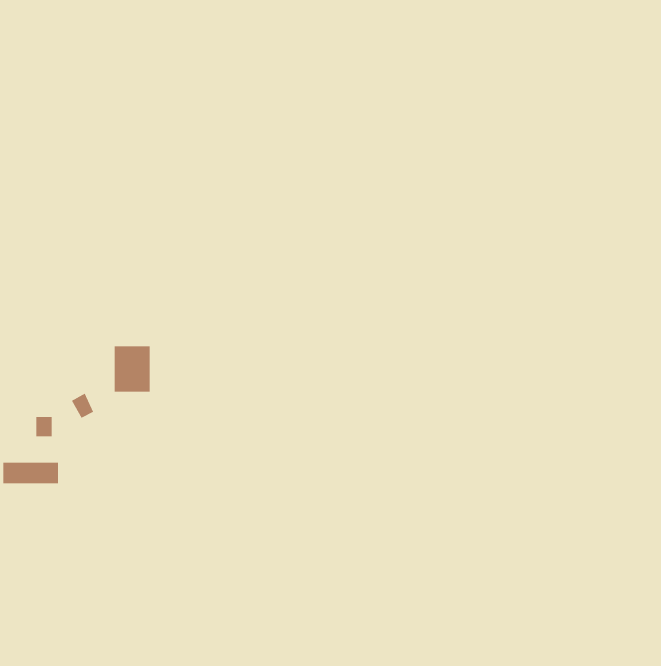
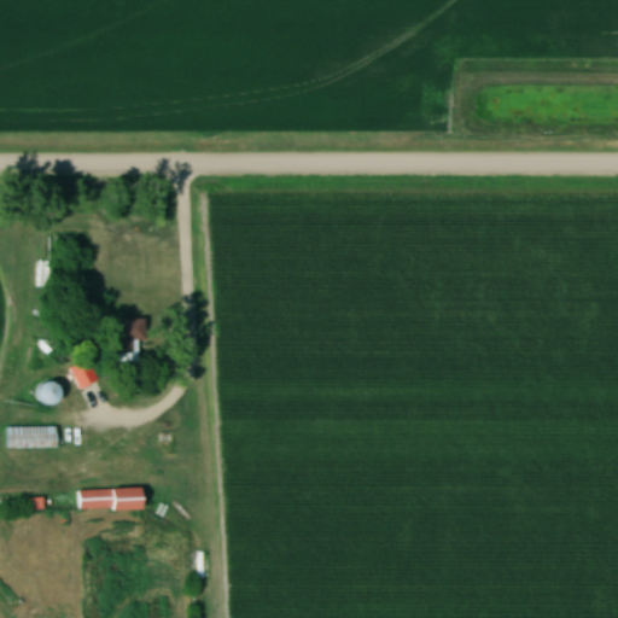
building: none -> [77,489,145,509]

